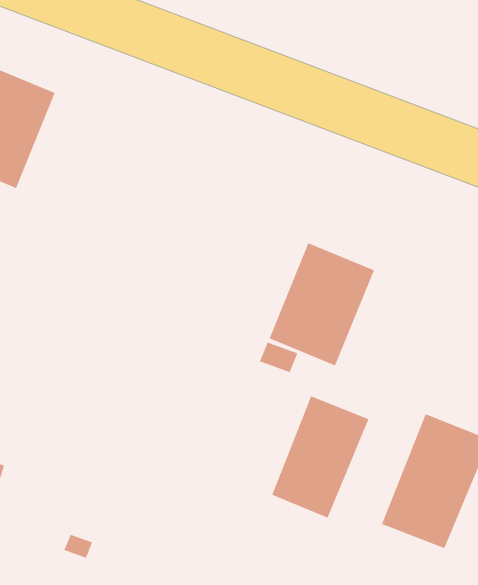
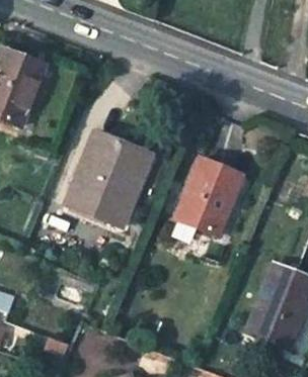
building: none -> [65,132,151,226]
building: [272,395,369,519] -> none

